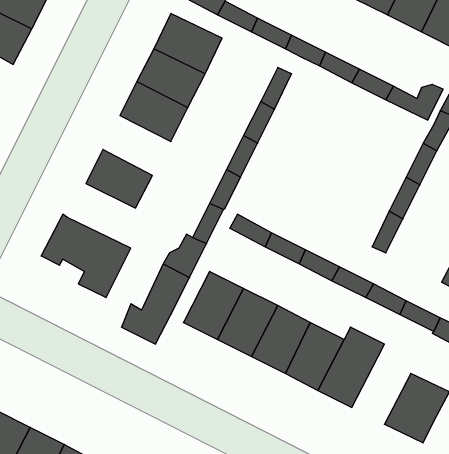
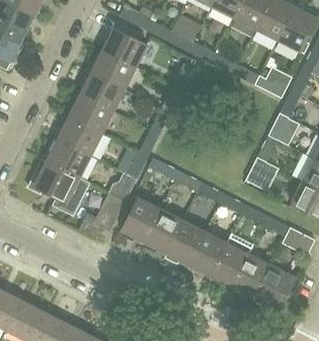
building: none -> [69,94,113,134]
building: none -> [46,139,90,178]
building: none -> [232,253,270,297]

